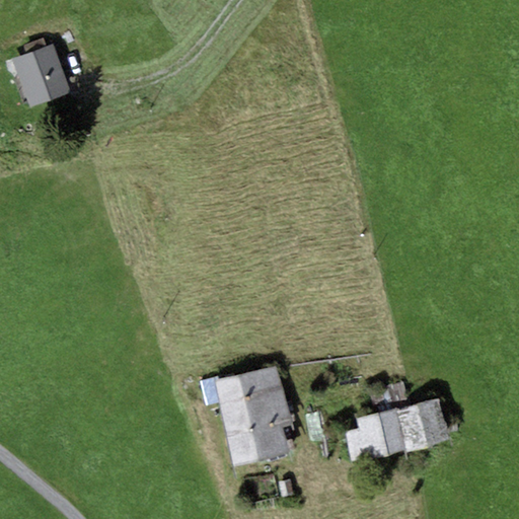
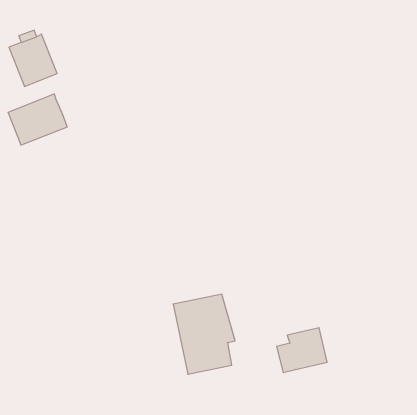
building: none -> [8,94,67,145]
building: [396,398,449,450] -> none

